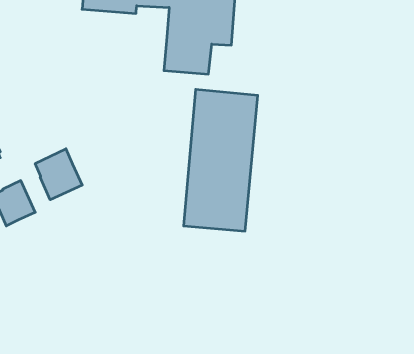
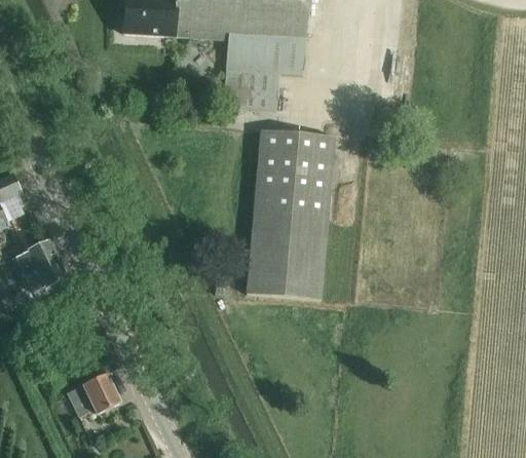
building: [35,149,82,200] -> none
building: none -> [68,371,122,416]

